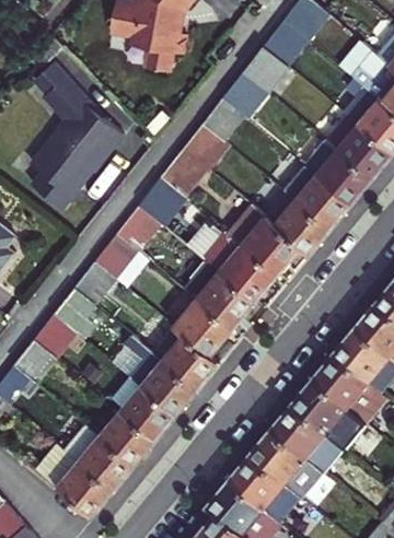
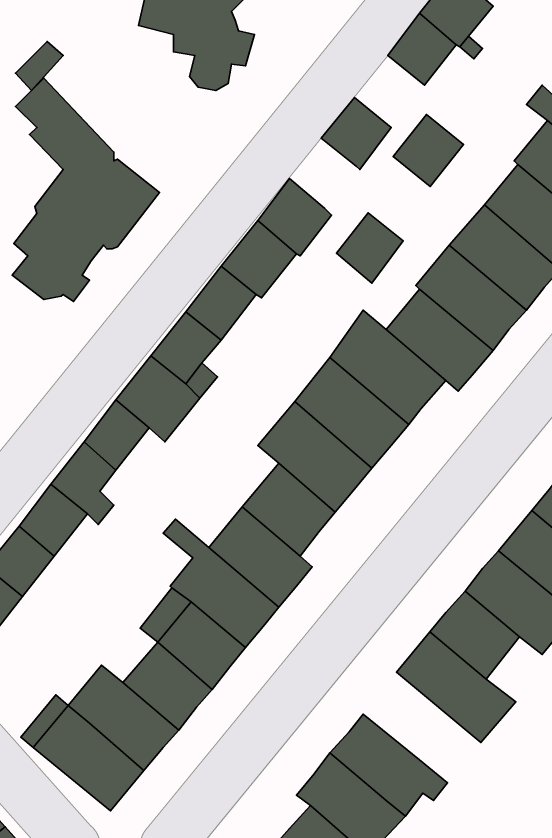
building: [244,46,288,91] -> [393,114,463,186]
building: [204,97,245,141] -> [337,213,403,283]
building: [250,430,323,499] -> none

